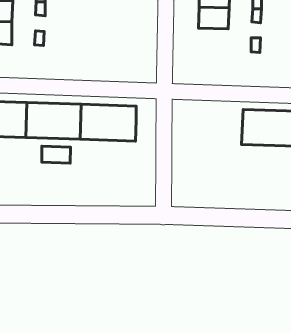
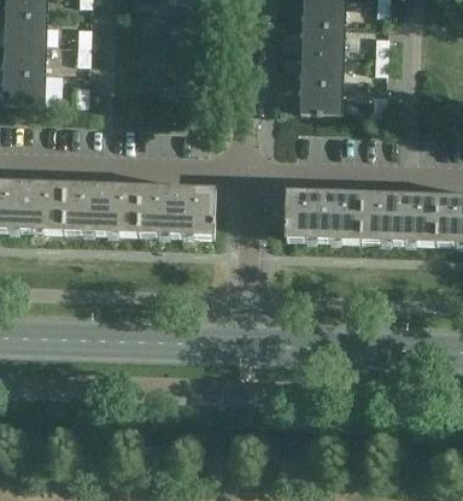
building: none -> [299,79,341,112]
building: none -> [283,189,362,240]
building: [42,146,71,163] -> none

